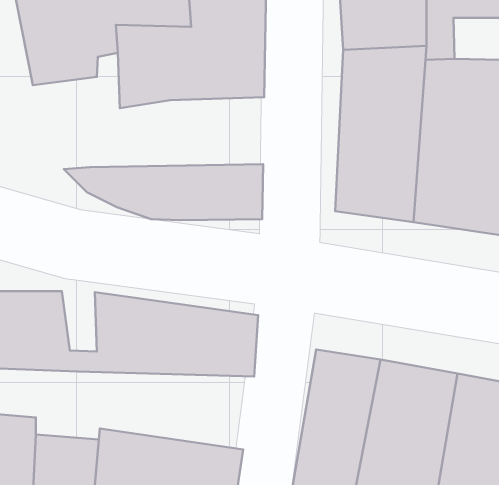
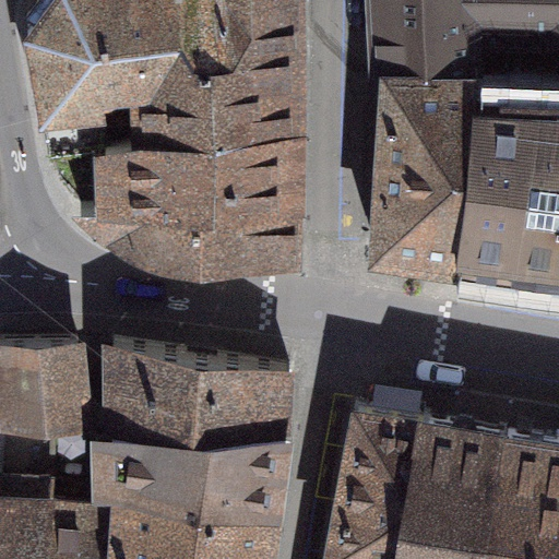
building: none -> [105,129,297,205]
building: none -> [94,428,286,513]

